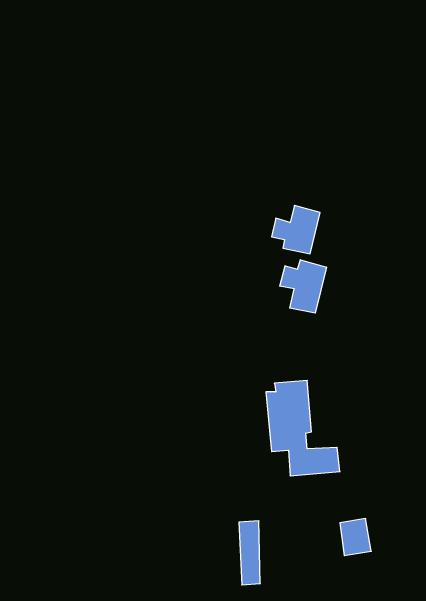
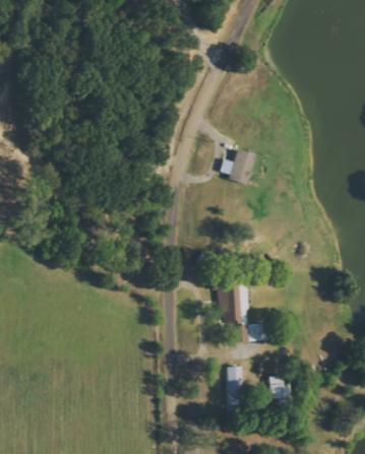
building: [280,260,326,313] -> none
building: [239,521,260,585] -> [227,367,242,412]

